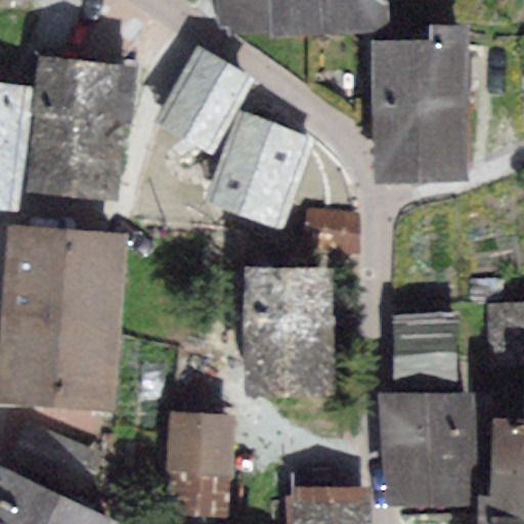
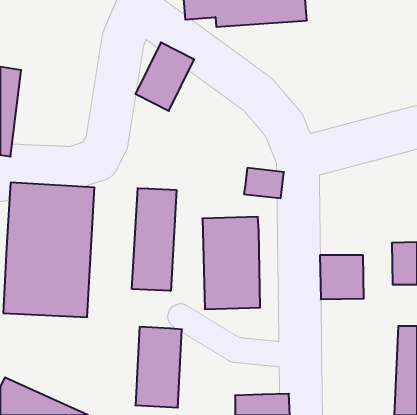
building: [380,46,461,170] -> none
building: [33,62,126,191] -> none
building: [215,118,298,216] -> none
building: none -> [132,188,176,291]
building: [391,399,475,496] -> none

